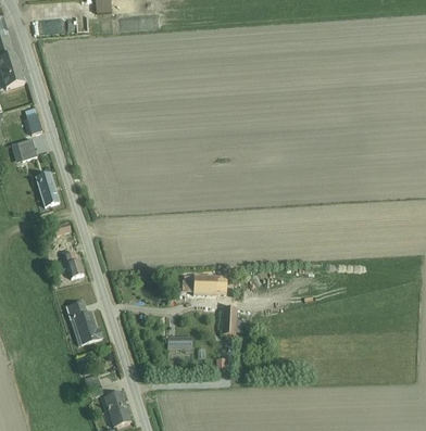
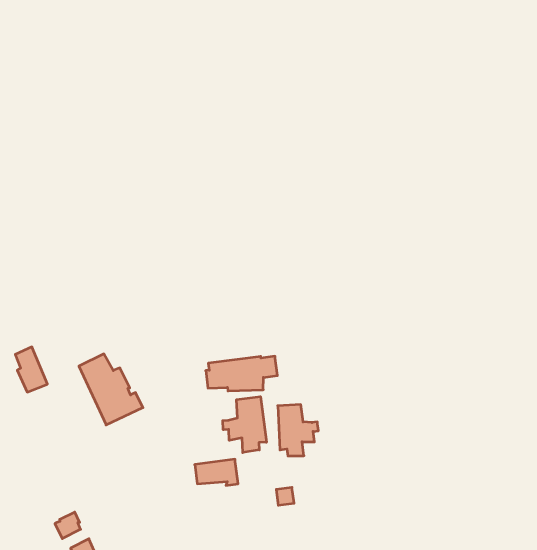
building: none -> [223,397,266,453]
building: [65,301,101,344] -> [79,354,143,425]

